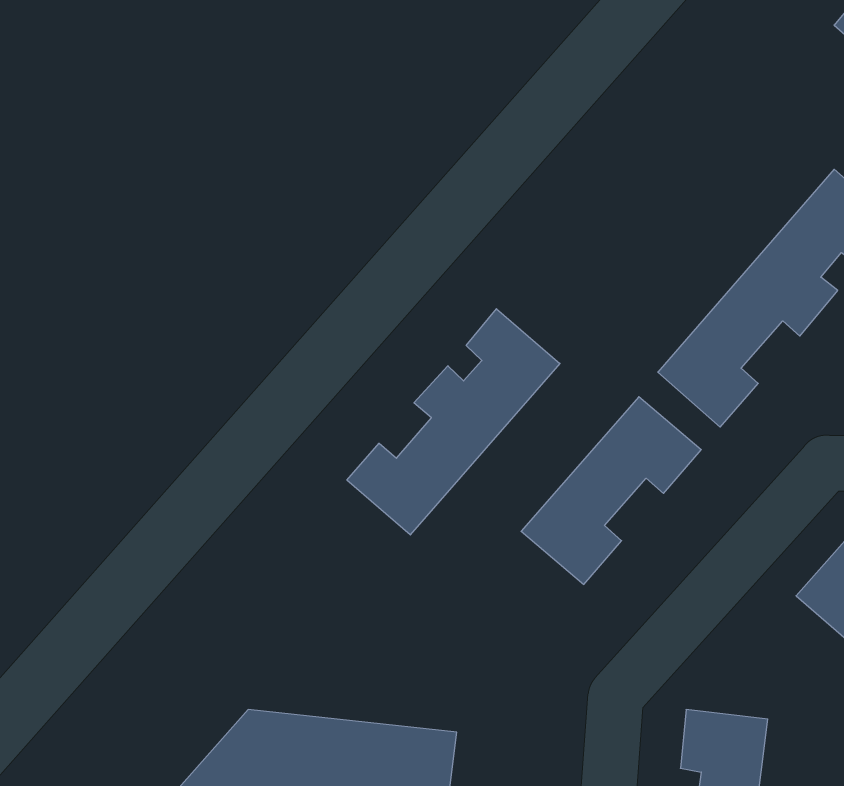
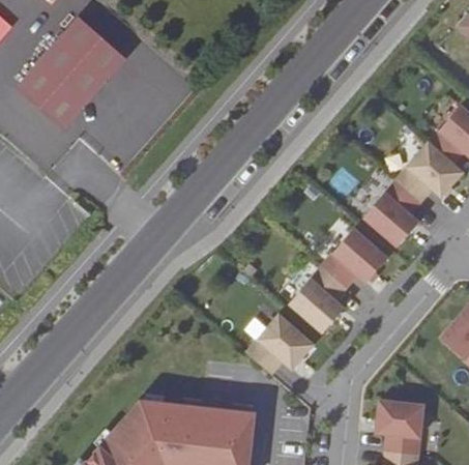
building: none -> [18,17,127,129]
building: [347,309,560,535] -> none
building: none -> [247,315,313,373]

